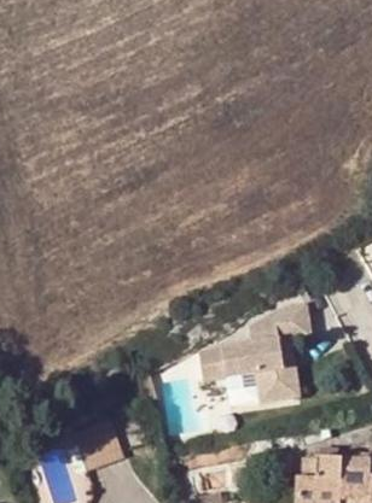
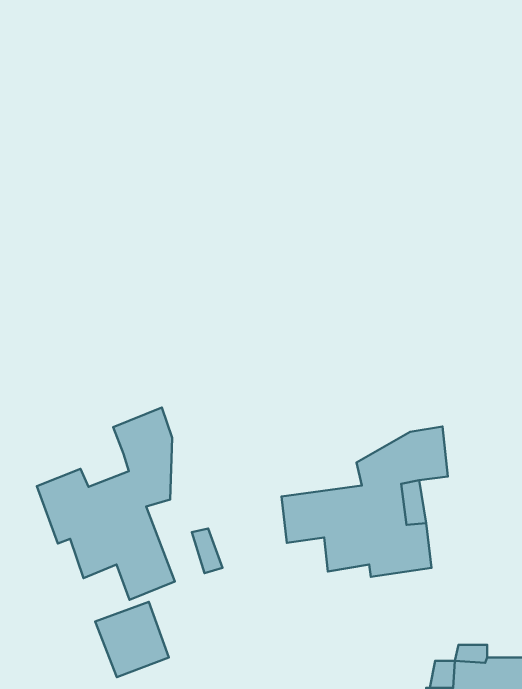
building: none -> [37,407,175,600]

